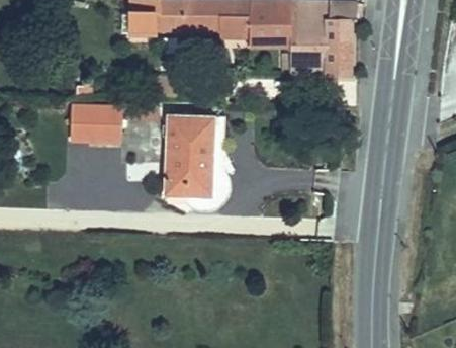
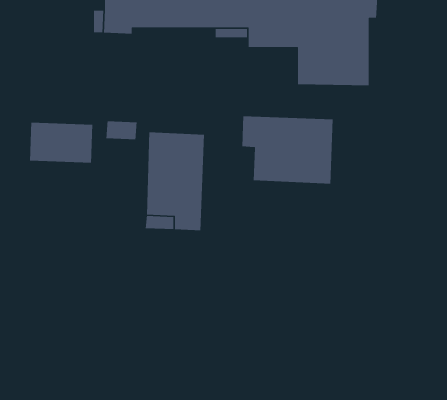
building: none -> [241,116,334,185]

